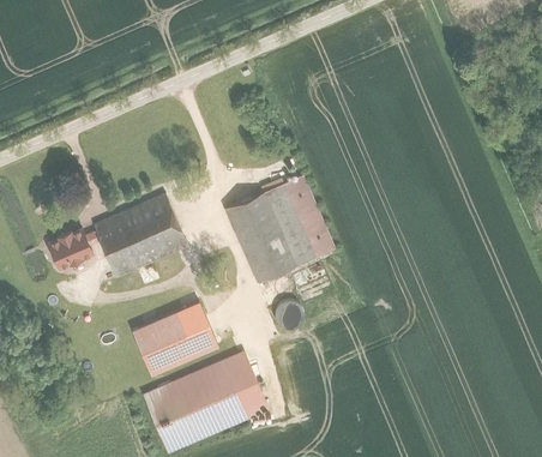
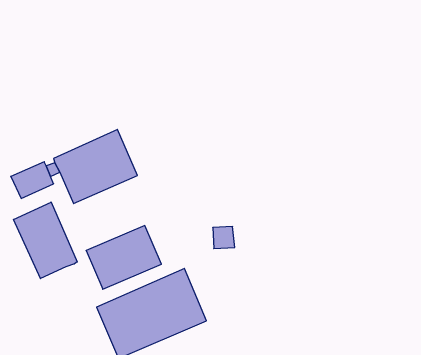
building: [227,174,333,281] -> none
building: none -> [14,202,77,279]

